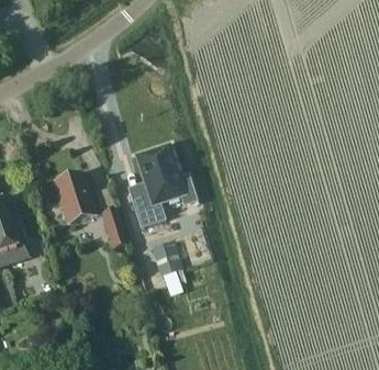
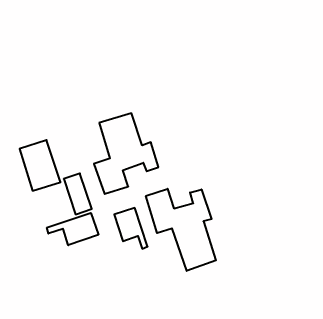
building: none -> [146,189,216,271]
building: none -> [47,213,98,245]

